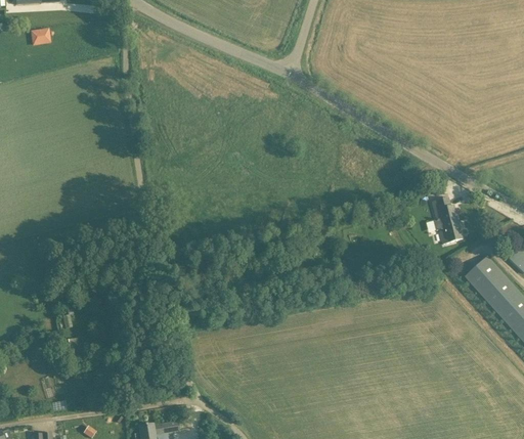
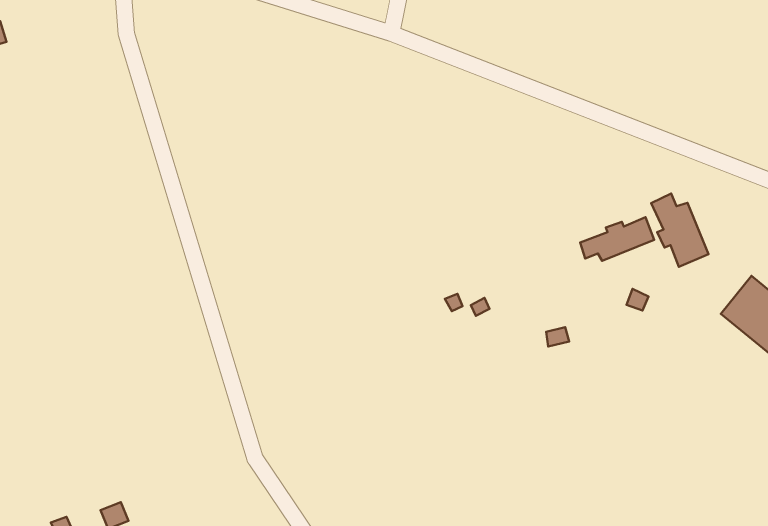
building: none -> [580,217,654,261]

